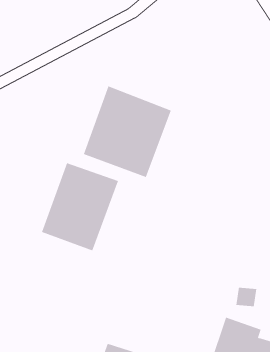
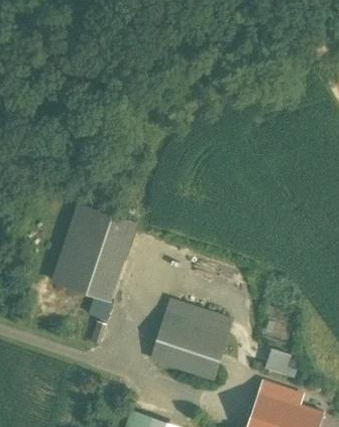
building: [83,86,172,178] -> none
building: none -> [147,297,232,381]

